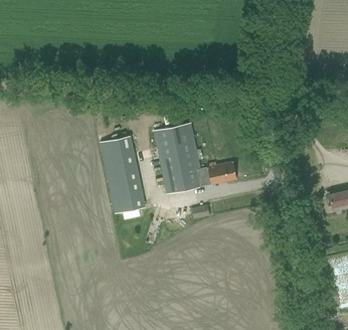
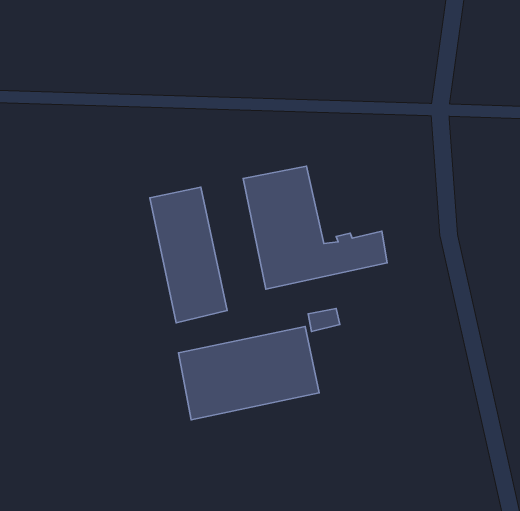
building: none -> [178,327,319,420]

